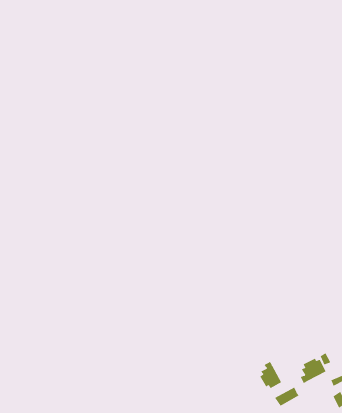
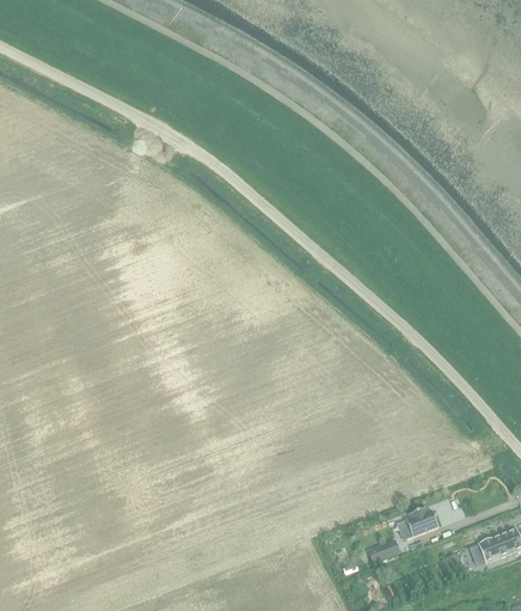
building: [260,361,282,389] -> none

